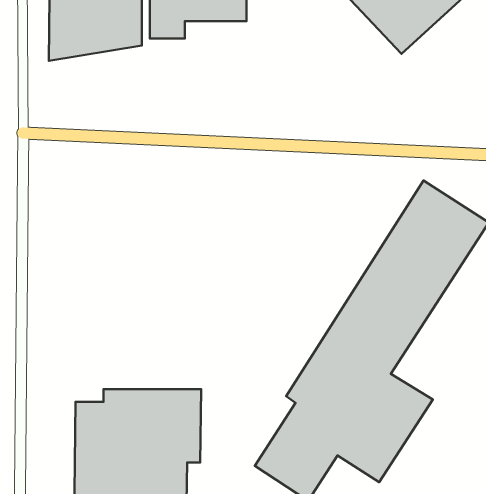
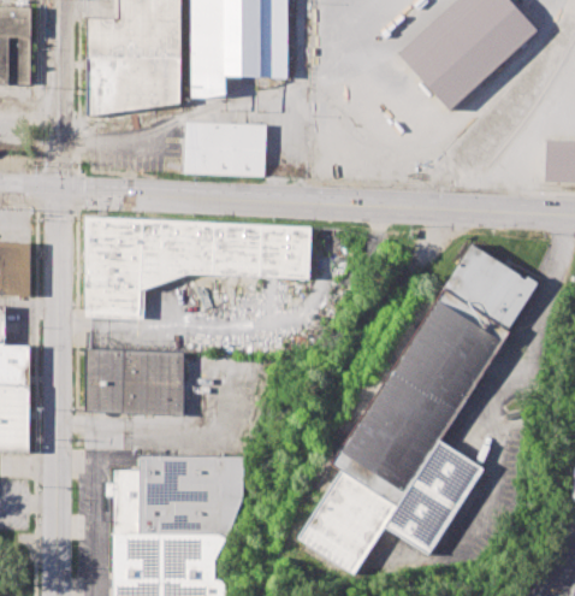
building: none -> [182,122,267,177]
building: none -> [84,218,312,320]
building: none -> [84,350,184,415]

